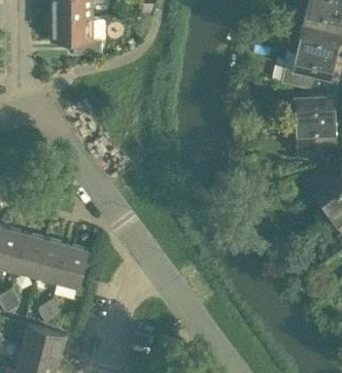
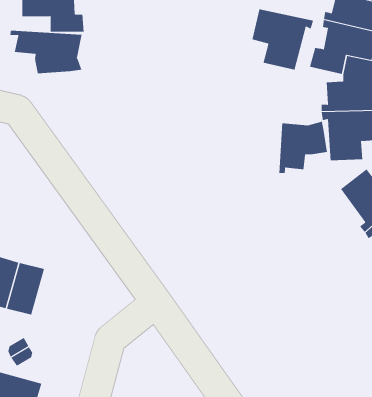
building: none -> [252,8,314,71]
building: none -> [10,30,82,74]
building: none -> [279,121,327,174]
building: [58,245,89,289] -> none

